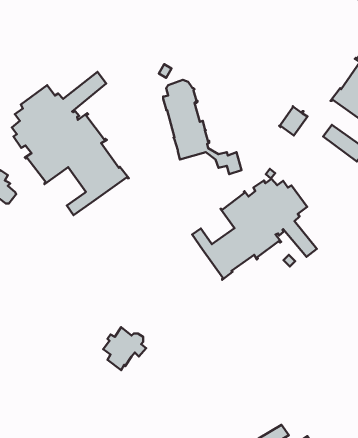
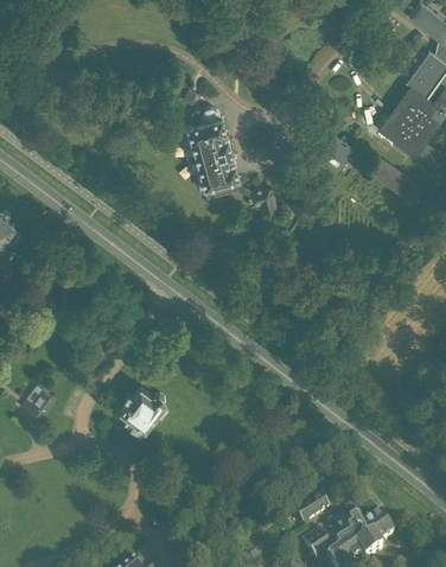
building: [12,72,129,215] -> none
building: [192,179,317,280] -> none
building: none -> [20,384,53,418]

